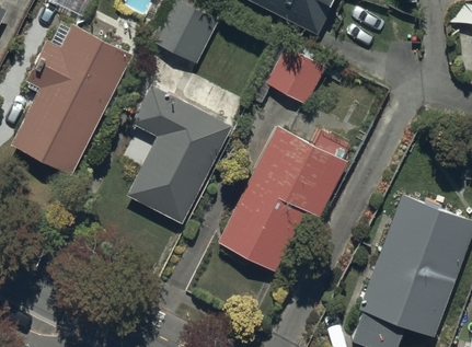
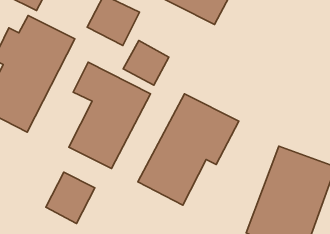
building: [265,45,325,104] -> [123,40,169,85]
building: none -> [46,172,95,224]

